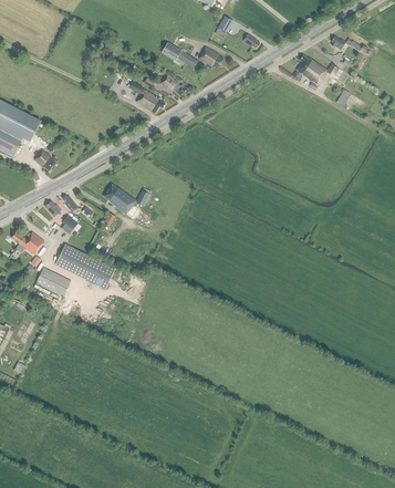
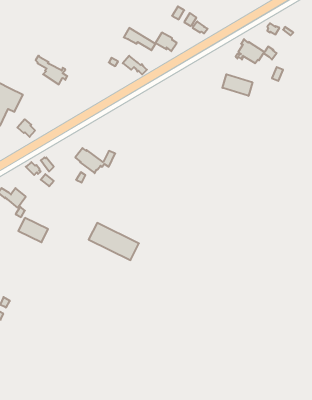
building: [127,79,165,113] -> [36,56,67,84]
building: none -> [222,74,252,96]
building: [55,243,115,288] -> [89,223,139,260]

